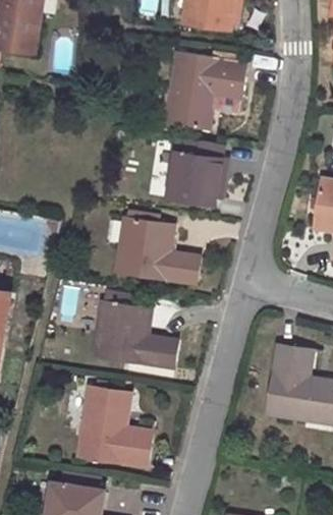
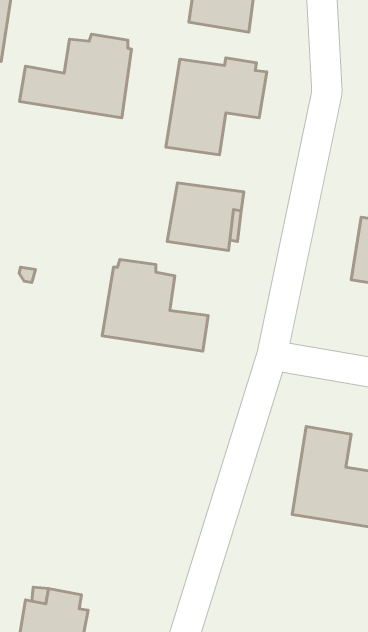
building: none -> [19,34,132,118]
building: [93,292,178,368] -> none
building: [77,387,153,468] -> none

